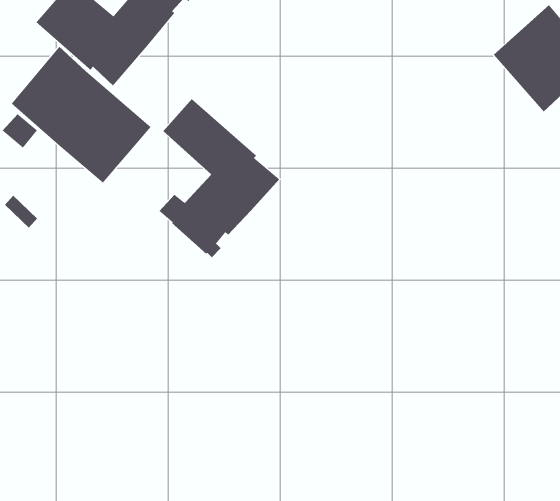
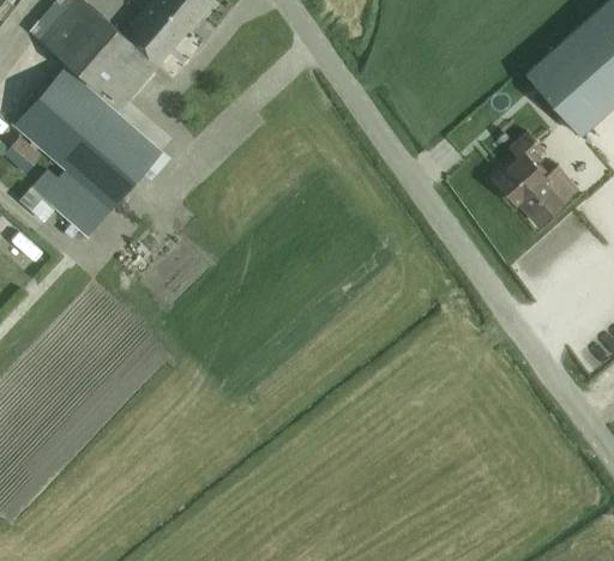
building: [158,98,280,258] -> none
building: none -> [496,132,577,224]
building: none -> [19,168,112,237]

